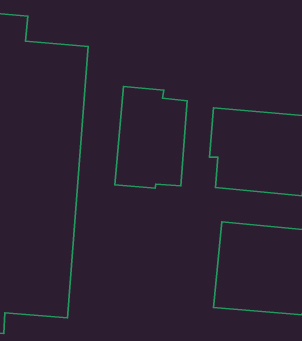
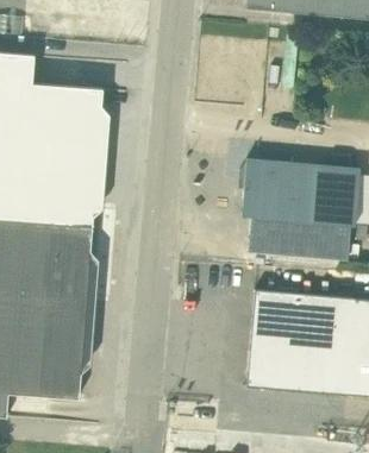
building: [115,87,187,188] -> none

